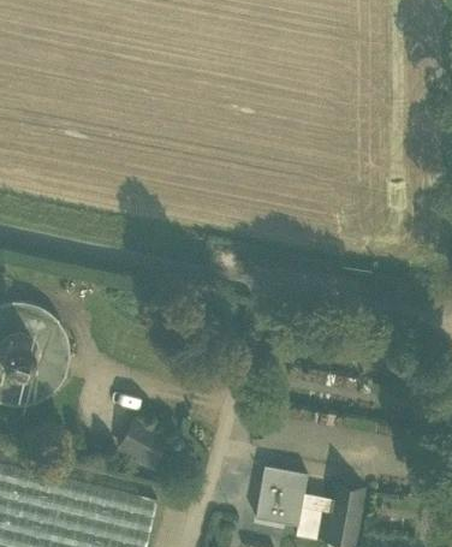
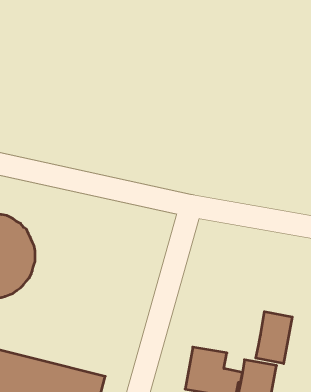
building: [118,420,166,465] -> none
building: none -> [256,312,292,364]

